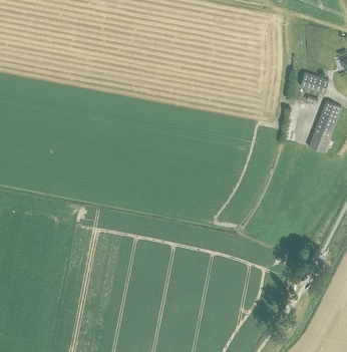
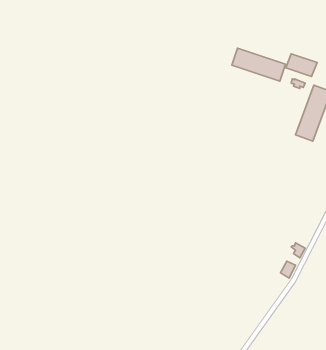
building: none -> [232,48,285,81]

